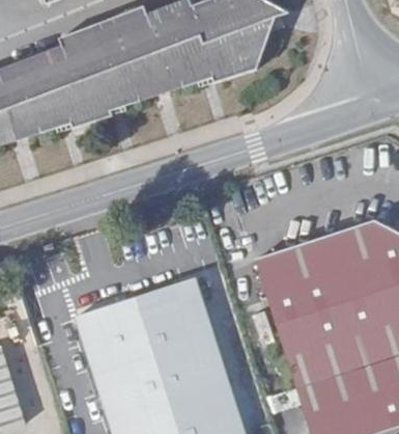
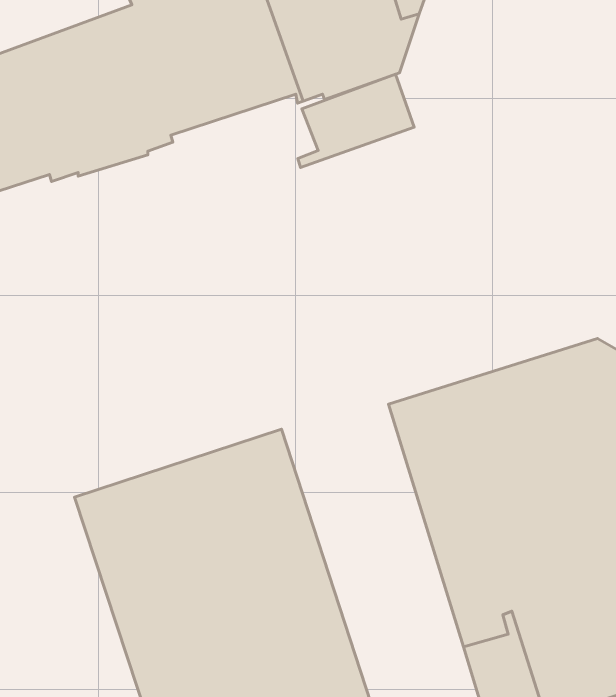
building: none -> [298,74,414,167]

